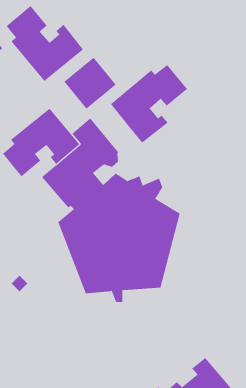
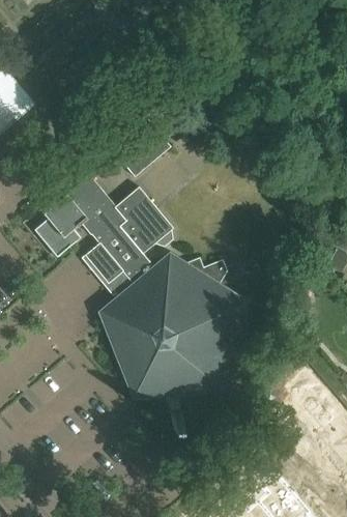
building: [6,5,84,82] -> none
building: [110,64,188,143] -> none

